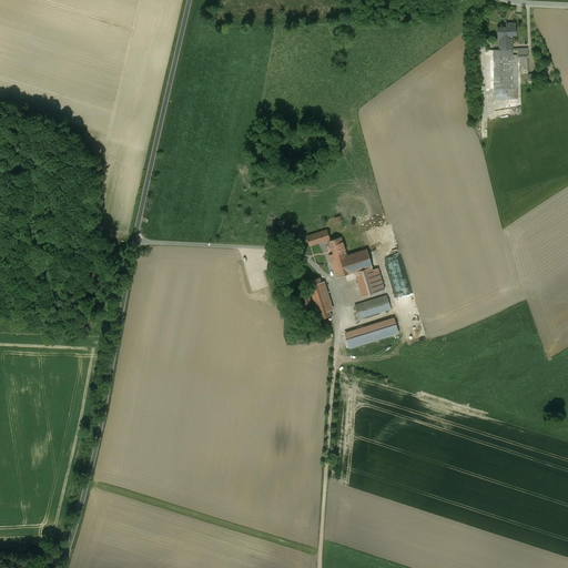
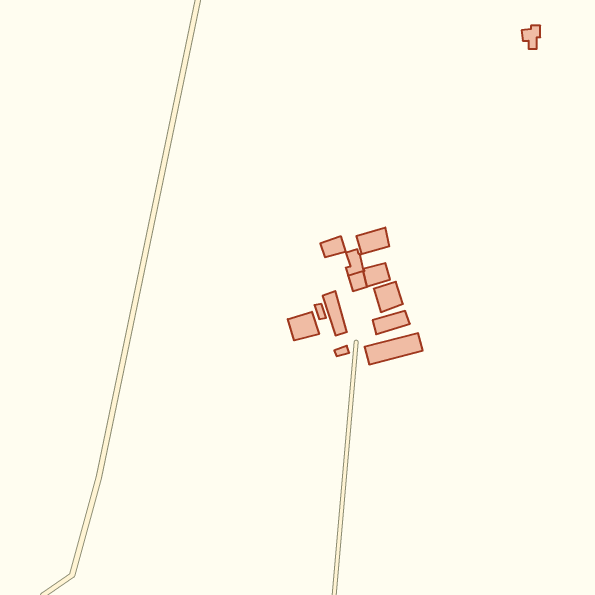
building: [493,50,517,100] -> none
building: none -> [356,227,389,254]
building: none -> [288,312,319,340]

